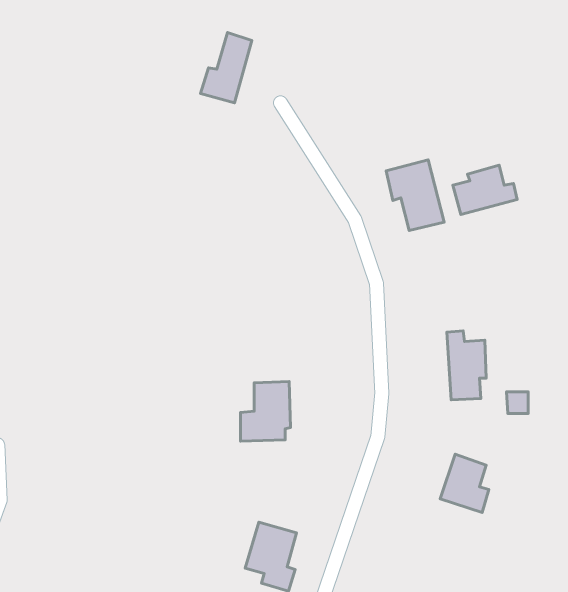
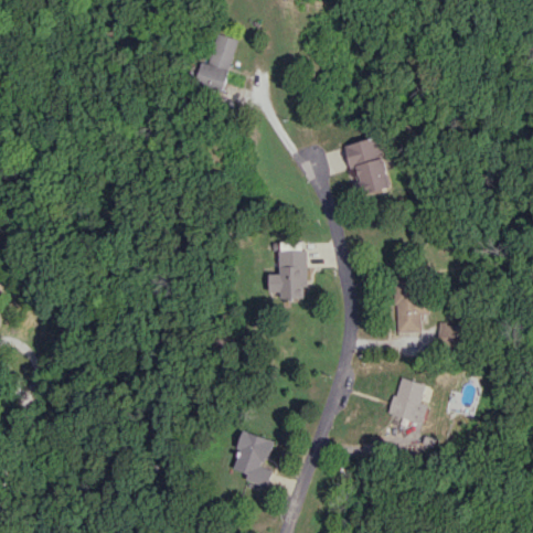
building: [453,165,517,214] -> none
building: [241,381,291,441] -> [265,250,306,299]

